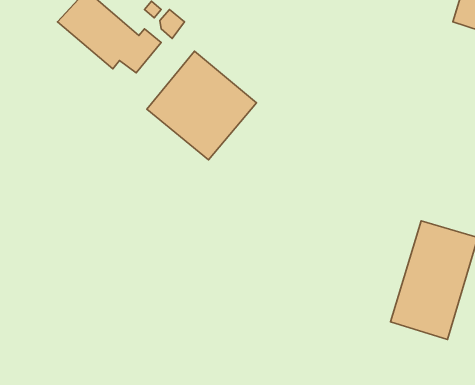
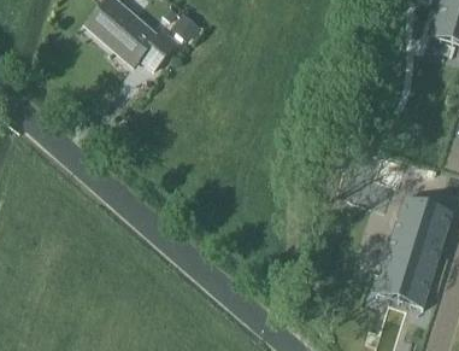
building: [147,51,256,160] -> none

